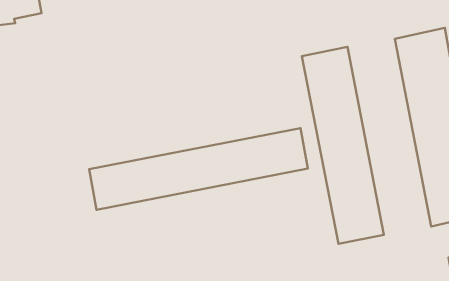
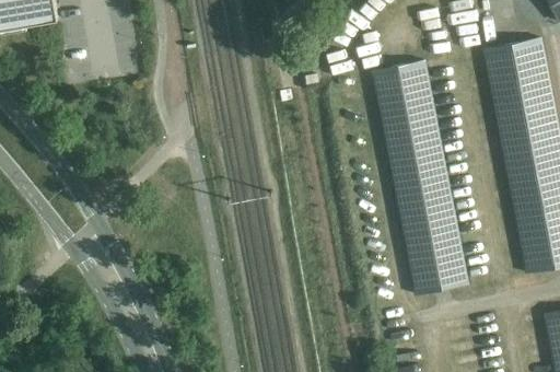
building: [89,128,308,210] -> none

